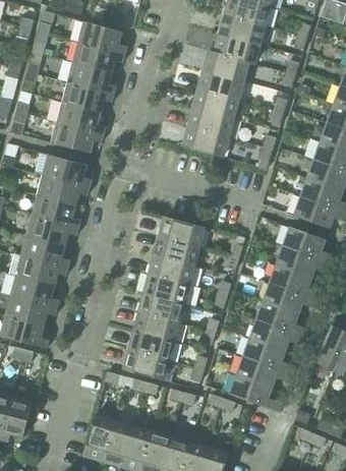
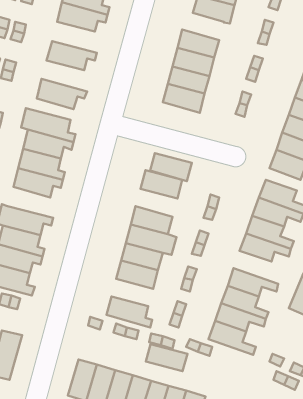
building: [204,51,247,81] -> none
building: [67,62,116,95] -> none
building: [56,103,106,135] -> none
building: [20,235,70,268] -> none
building: [155,237,198,267] -> [150,153,192,181]
building: [257,302,307,337] -> none
building: [129,332,173,360] -> [146,344,187,371]

